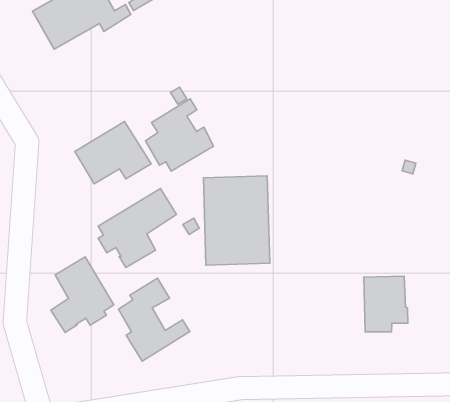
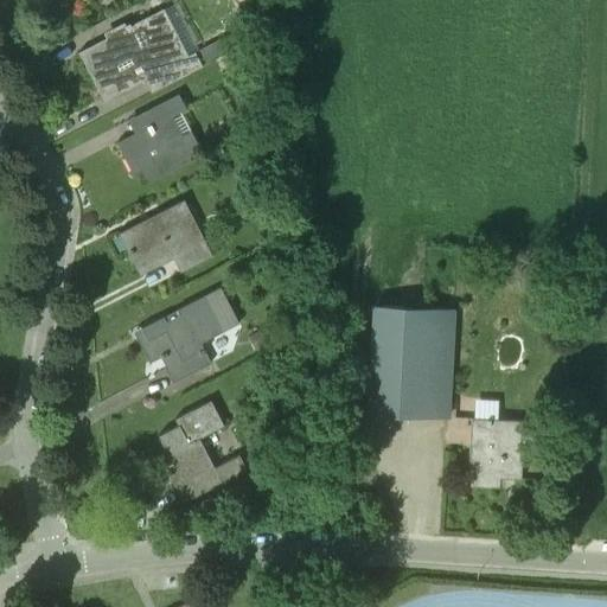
building: [145,99,214,171] -> [119,94,204,183]
building: [203,176,270,265] -> [370,304,455,417]
building: [51,257,114,332] -> none

